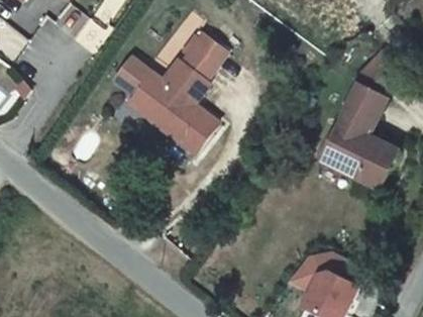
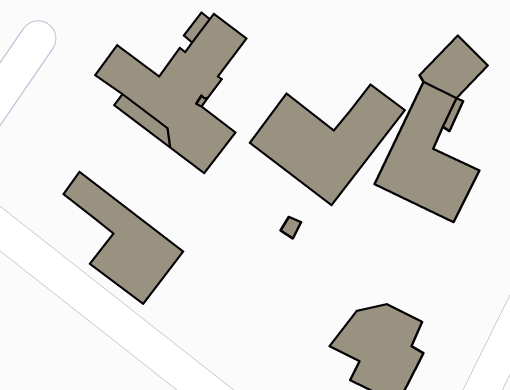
building: none -> [250,84,405,205]
building: none -> [63,172,183,304]

